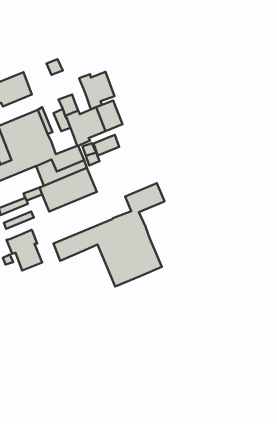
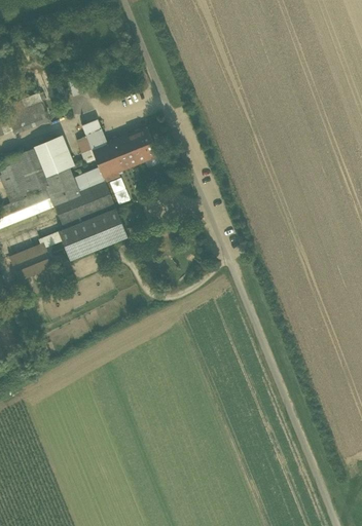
building: [79,72,115,109] -> none
building: [94,135,119,155] -> [73,167,104,192]
building: [53,183,164,287] -> none
building: [7,230,42,271] -> none

